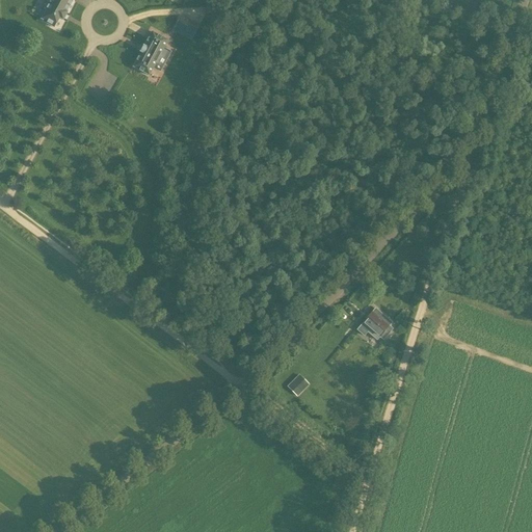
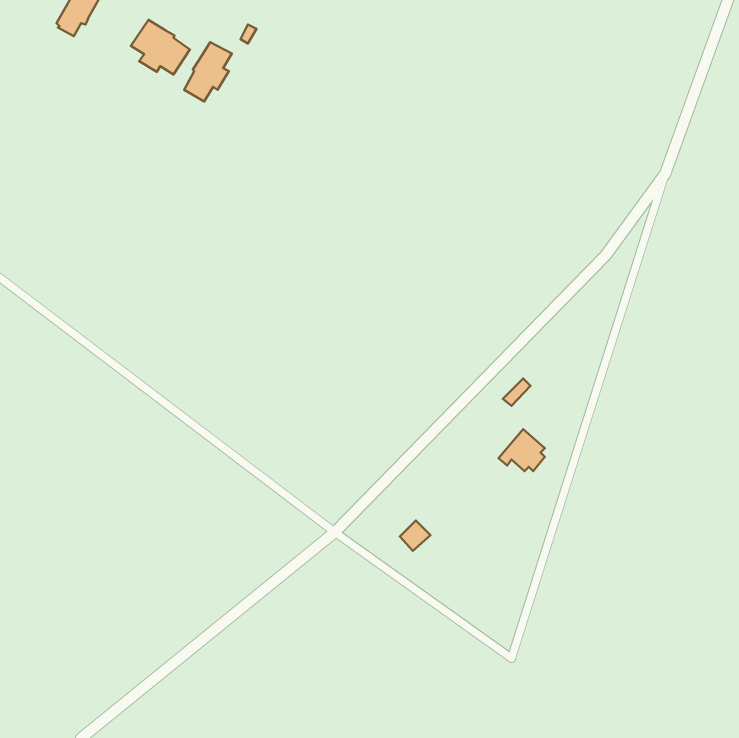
building: none -> [131,20,190,75]

